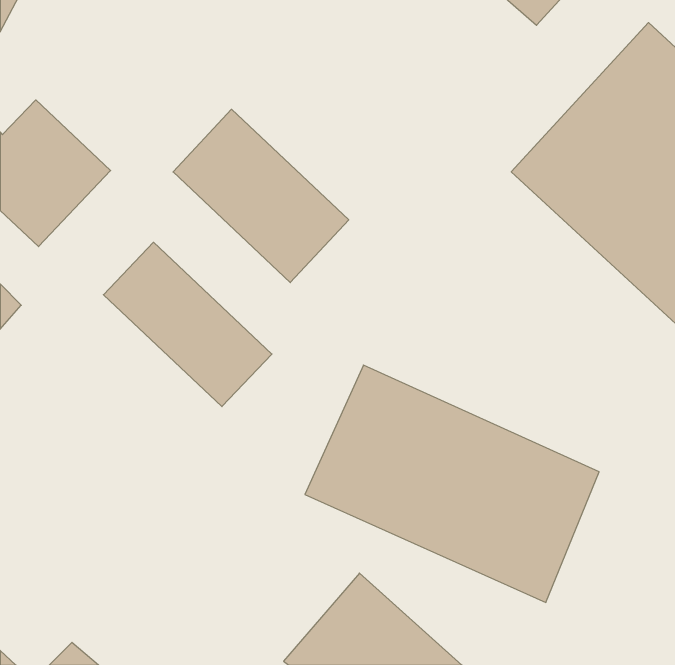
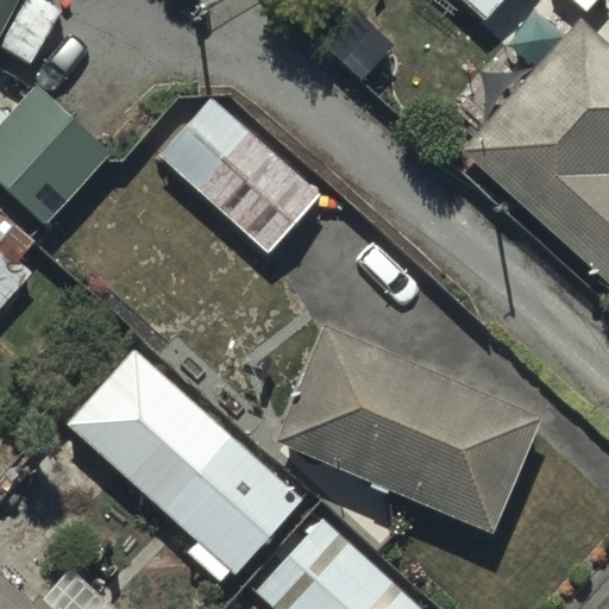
building: [103,242,272,407] -> none
building: none -> [65,344,302,580]

